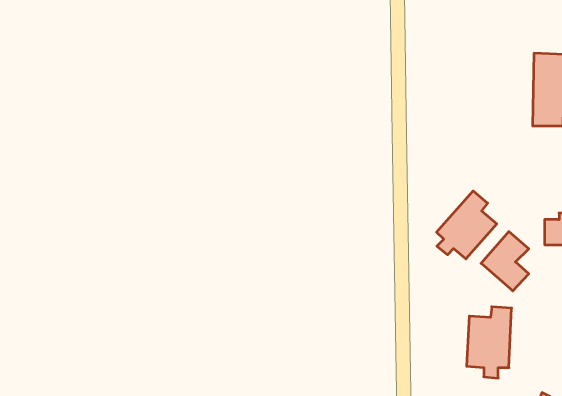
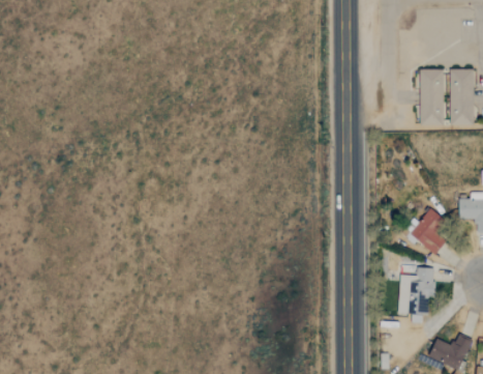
building: none -> [419,68,445,124]
building: [437,191,497,259] -> none

